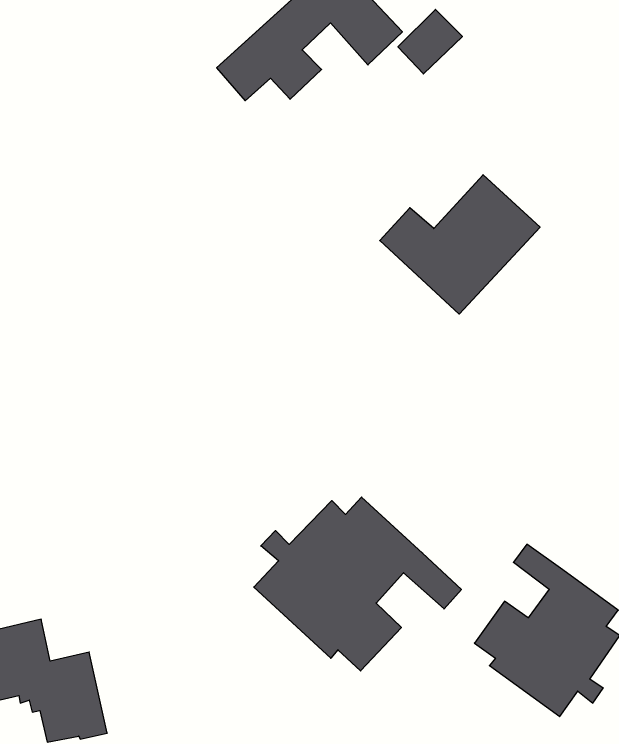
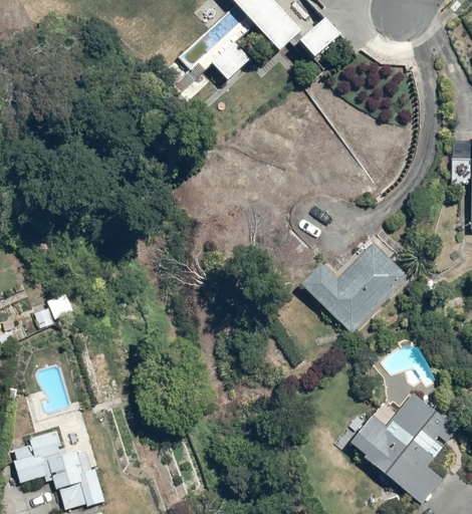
building: [380,175,540,314] -> [301,240,409,333]
building: [254,497,461,671] -> none

